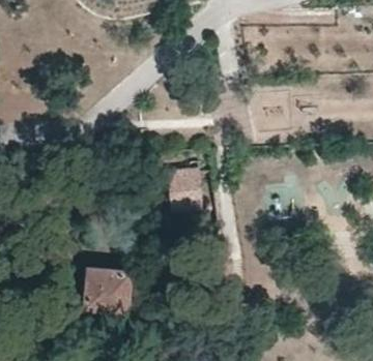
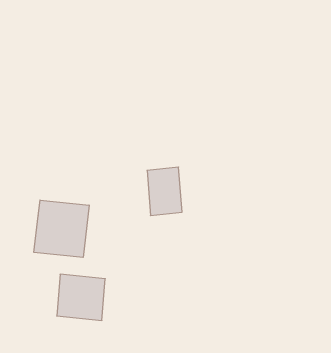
building: none -> [34,200,89,257]

